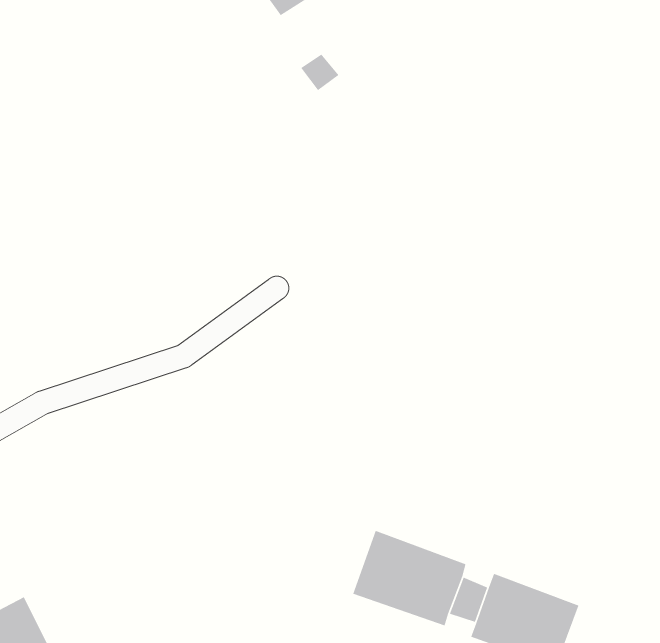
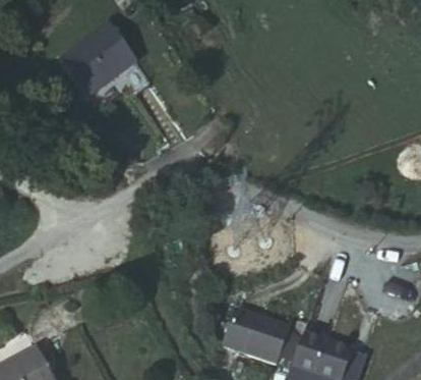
building: none -> [63,37,133,107]

